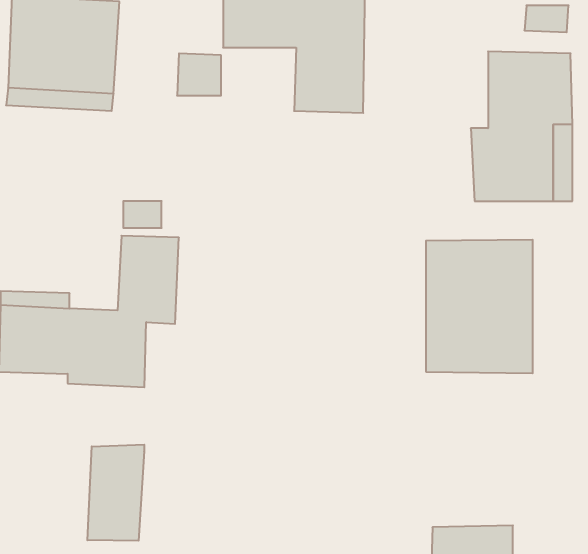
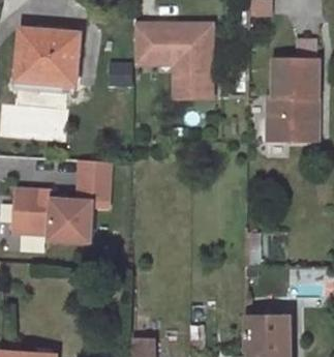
building: [426,240,533,373] -> none
building: [87,445,144,541] -> none

